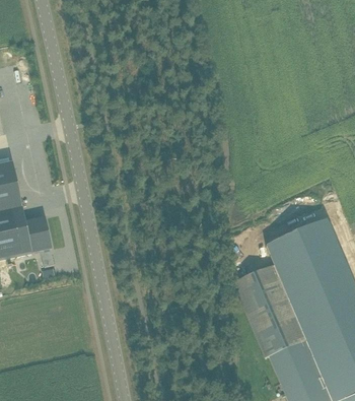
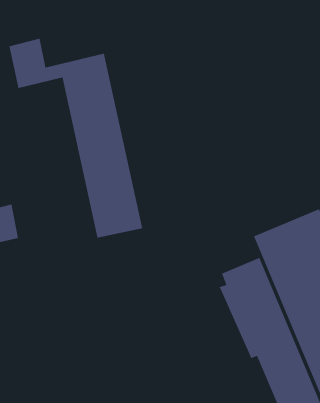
building: none -> [9,38,143,239]

